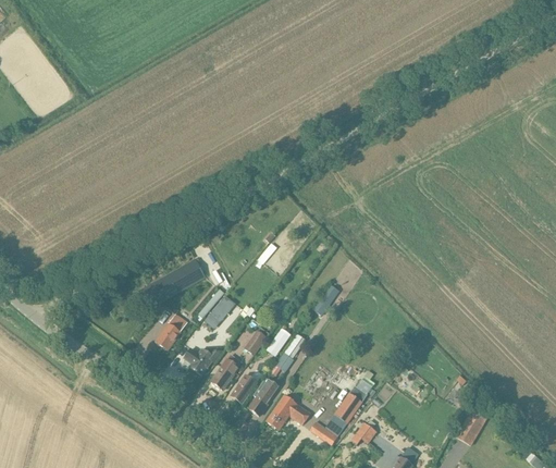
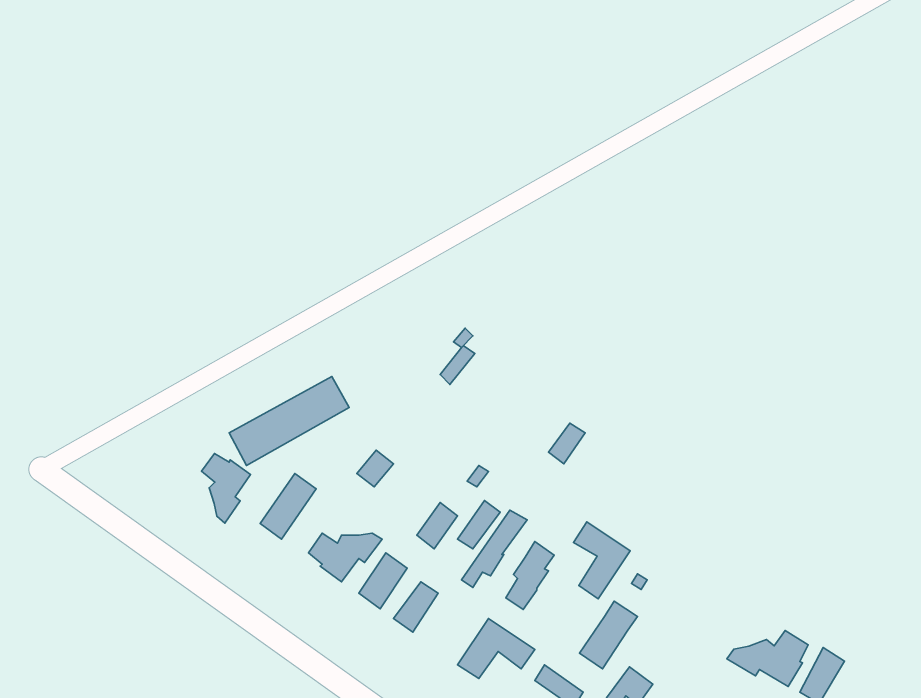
building: none -> [201,454,251,523]
building: none -> [574,522,630,599]
building: [249,377,276,415] -> [506,542,554,609]
building: none -> [727,630,808,687]

